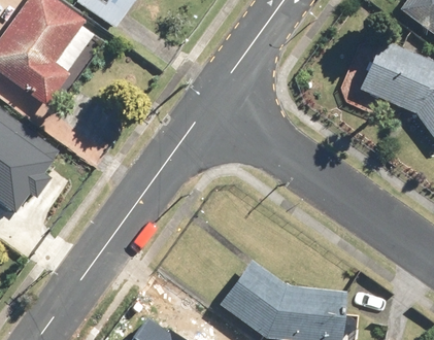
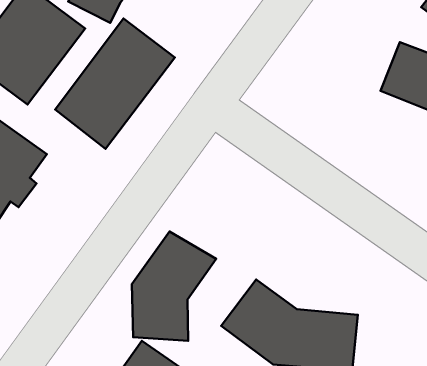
building: none -> [55,19,175,149]
building: none -> [132,232,216,341]

